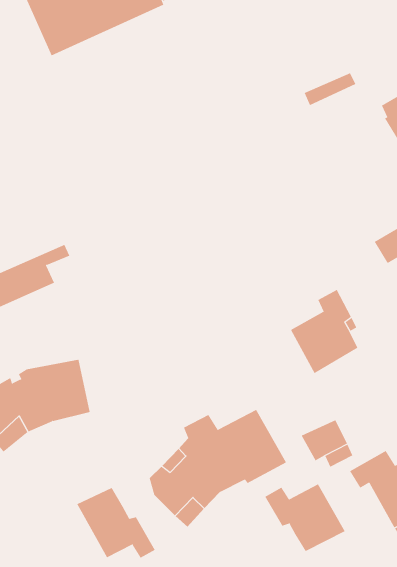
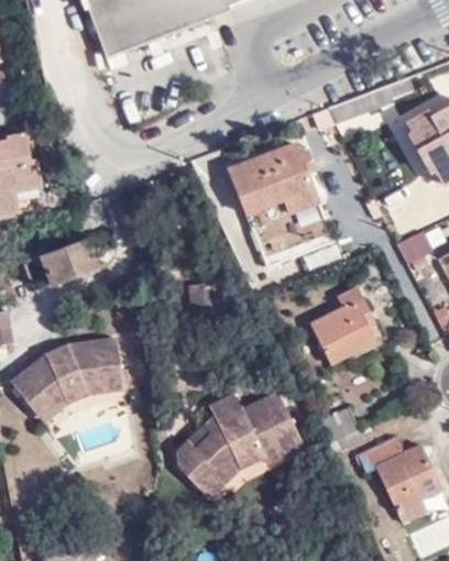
building: none -> [231,143,333,264]
building: [265,483,346,552] -> none
building: [77,487,155,559] -> none

